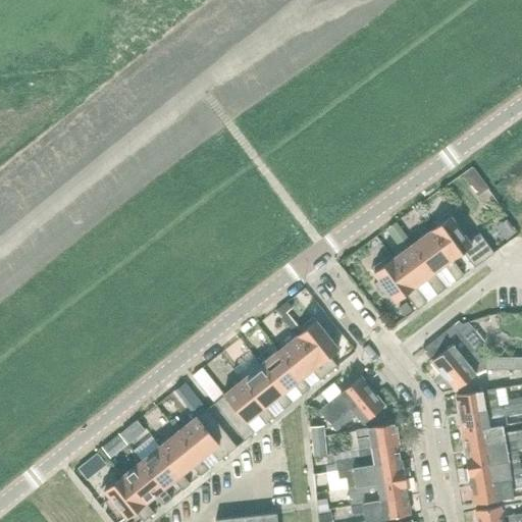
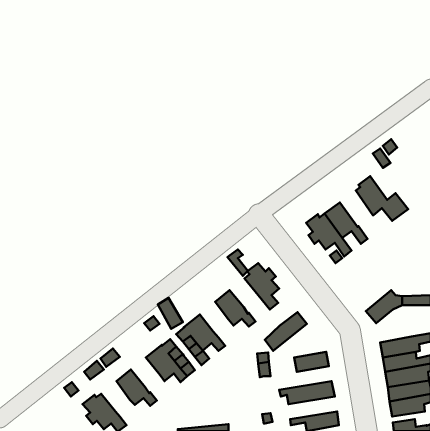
building: [412,230,464,281] -> none
building: [422,325,474,376] -> none
building: [278,336,327,380] -> none
building: [243,365,292,410] -> none
building: [331,392,384,431] -> none
building: [458,392,499,414] -> none
building: [159,432,209,476] -> none
building: [336,442,402,471] -> none
building: [123,461,172,506] -> none
building: [350,479,409,507] -> none

